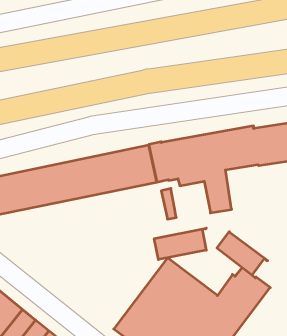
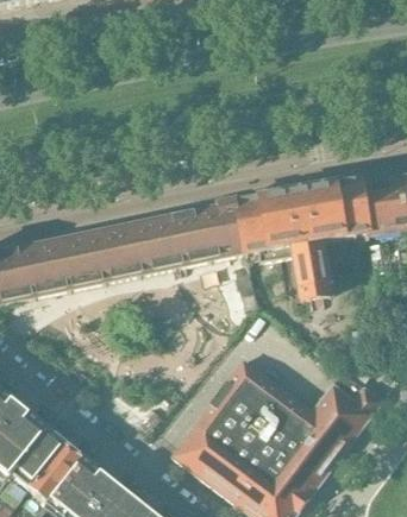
building: [154,228,206,260] -> none
building: [217,232,268,275] -> none

